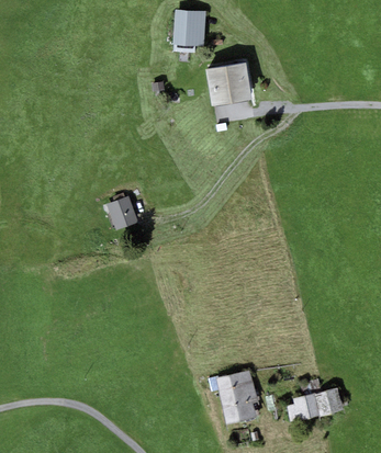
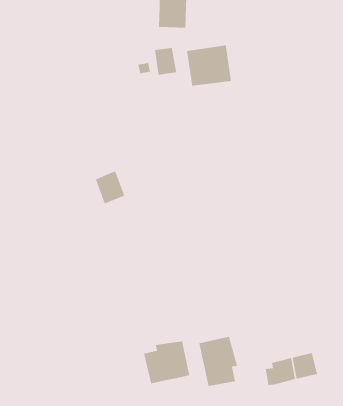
building: none -> [155,47,177,76]
building: none -> [143,341,190,384]

